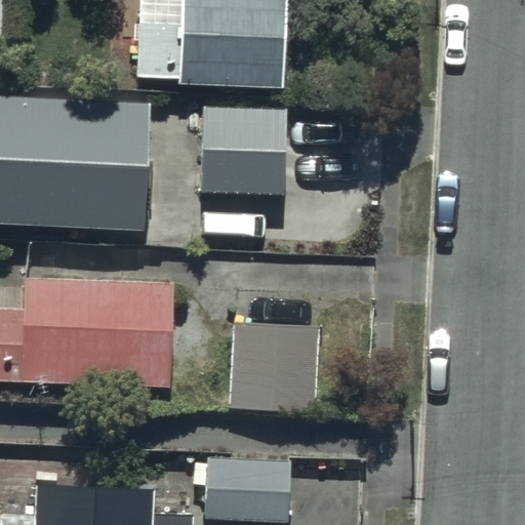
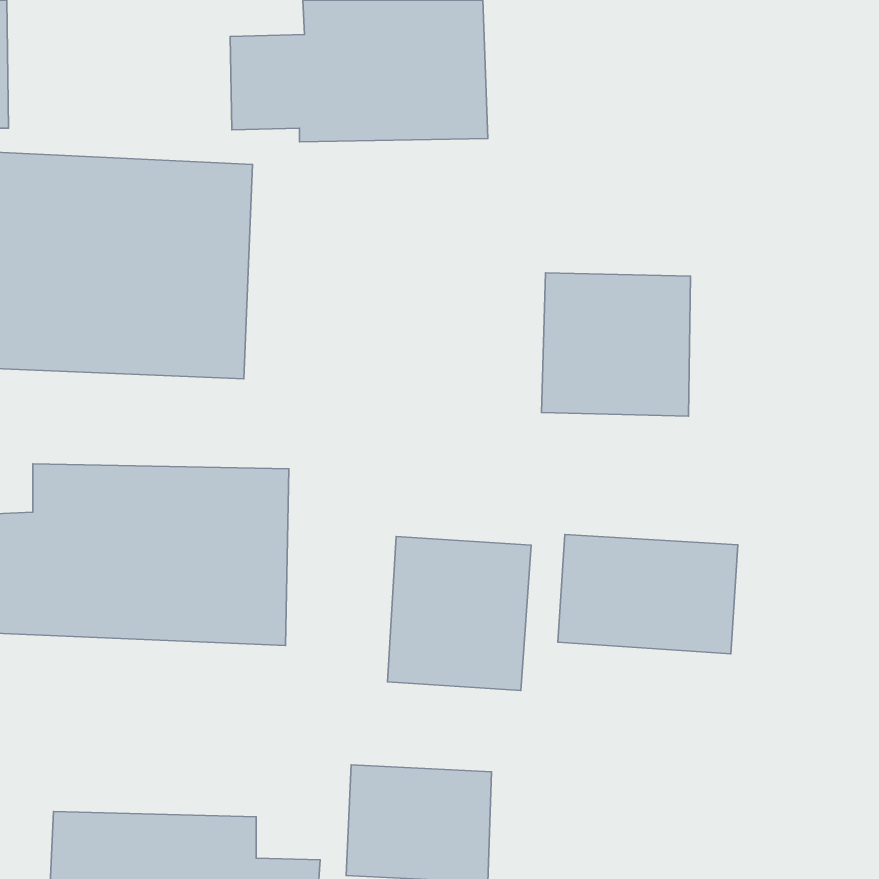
building: [200,110,283,198] -> none
building: none -> [541,273,691,416]
building: none -> [558,535,738,654]

